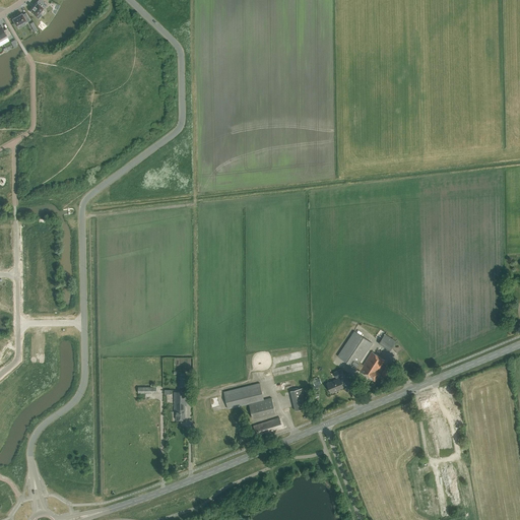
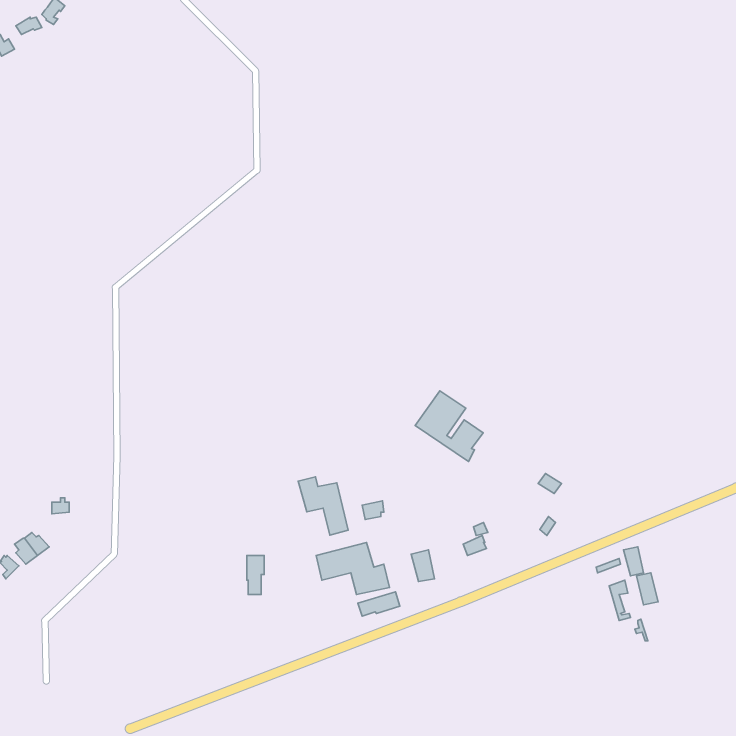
building: [336,330,384,380] -> [415,391,483,462]
building: none -> [298,477,348,535]

